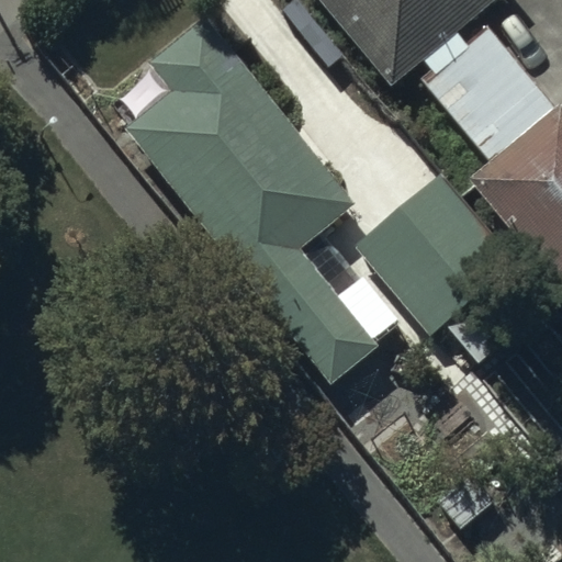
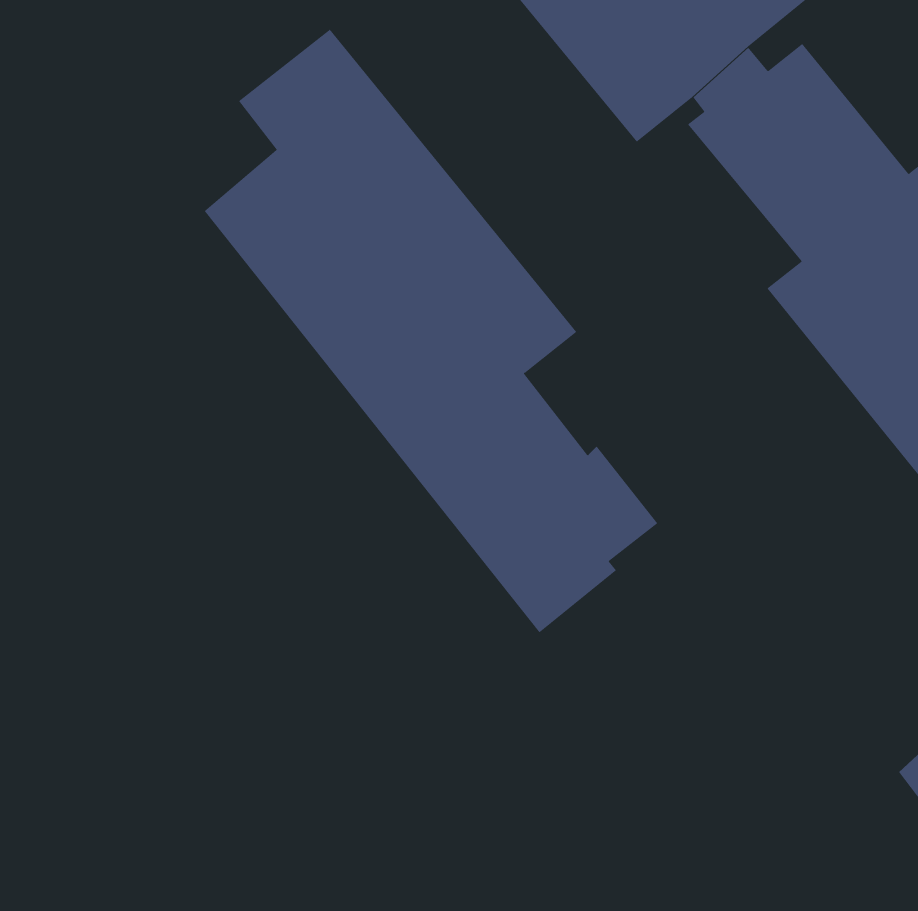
building: [356,173,529,362] -> none

